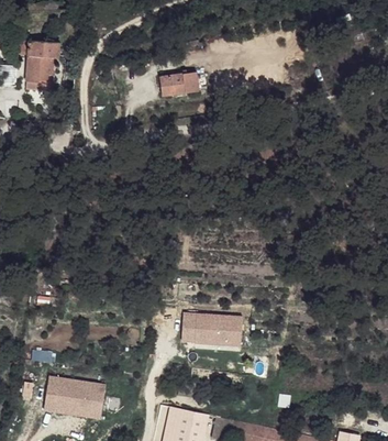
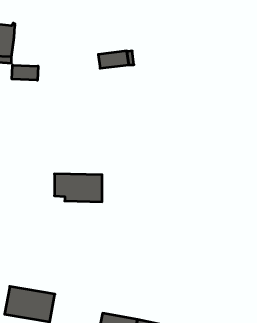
building: none -> [12,65,38,80]
building: [181,312,242,348] -> [54,174,102,202]

